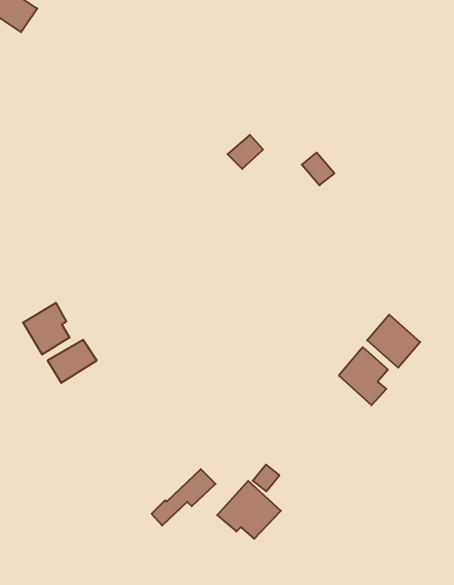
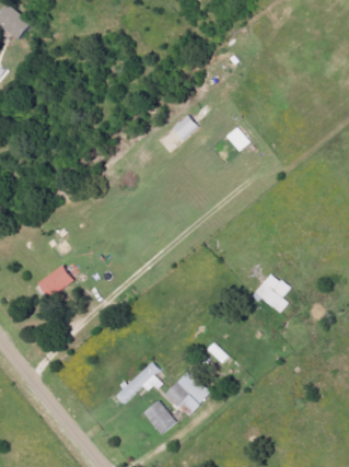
building: [23,303,70,355] -> none
building: [367,315,420,368] -> none
building: none -> [142,399,175,434]

